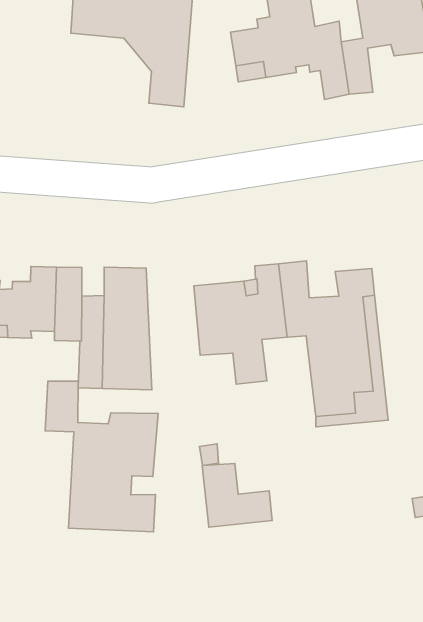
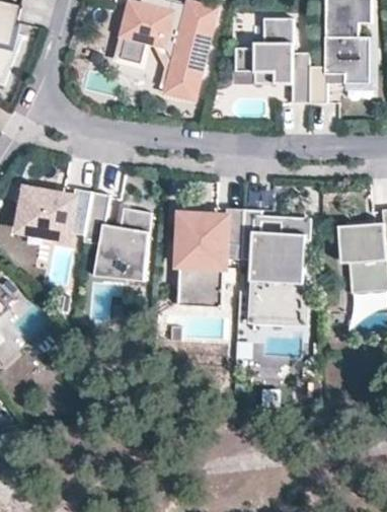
building: none -> [118,31,176,87]
building: [45,381,158,532] -> none
building: [202,463,272,527] -> [177,264,222,308]

